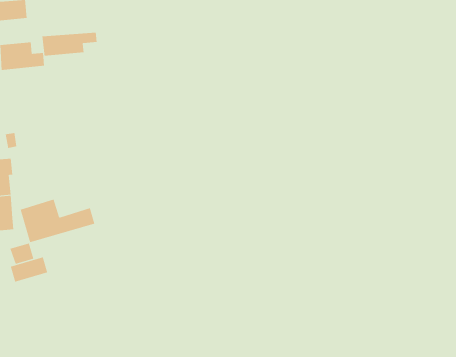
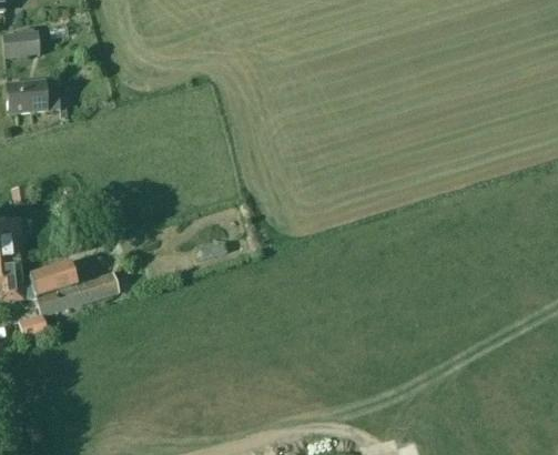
building: [42,32,97,56] -> none
building: [10,256,48,283] -> none

